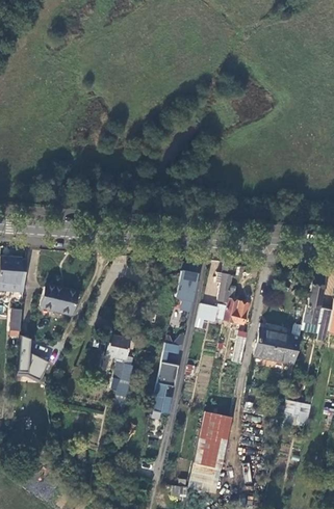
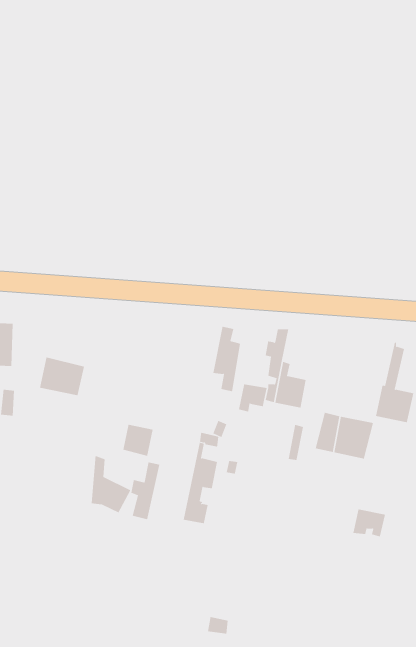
building: [19,334,50,379] -> [91,455,131,513]
building: [192,412,229,468] -> none

